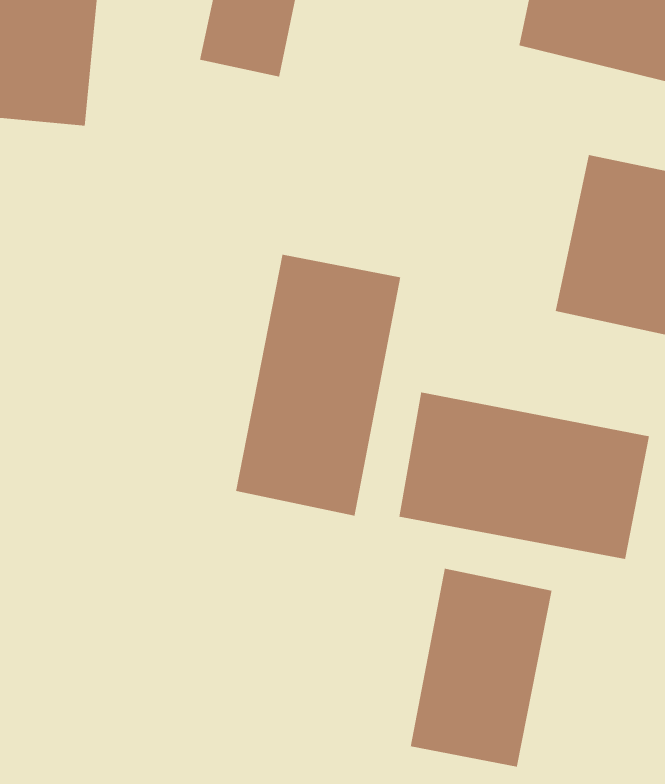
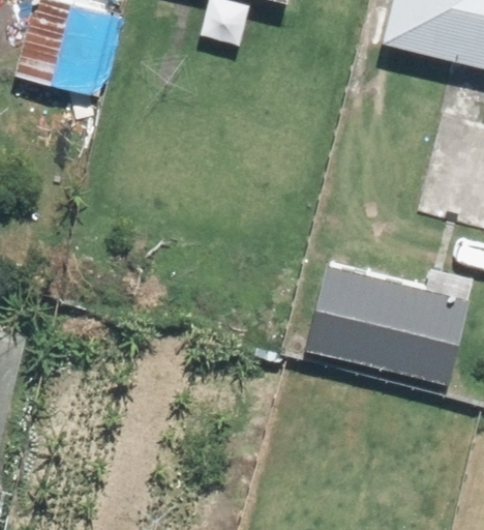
building: [235,254,401,517] -> none
building: [410,568,552,767] -> none

